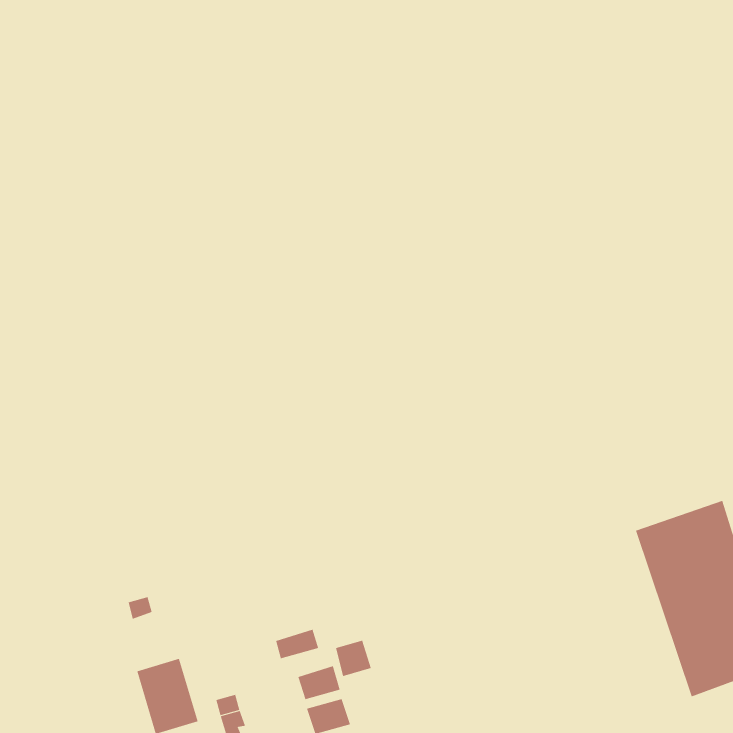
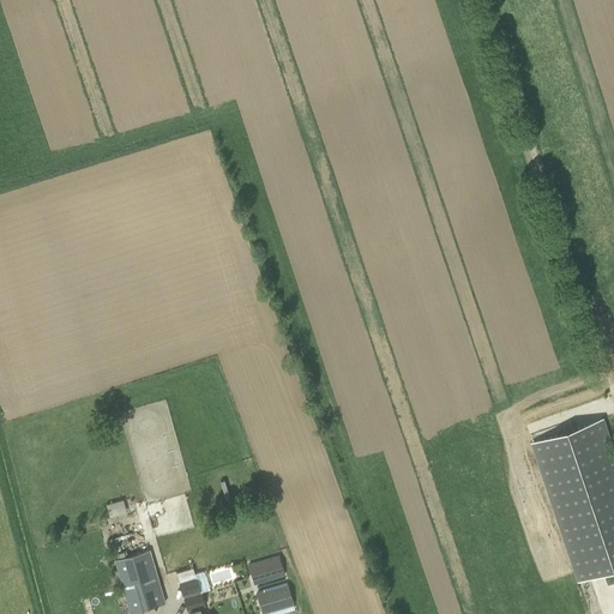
building: [275,629,319,659] -> none
building: [335,640,372,677] -> none

